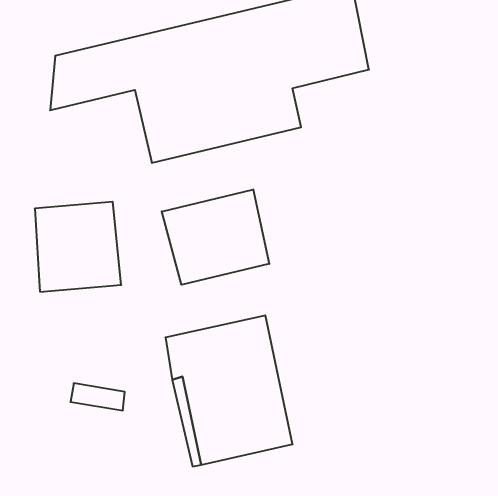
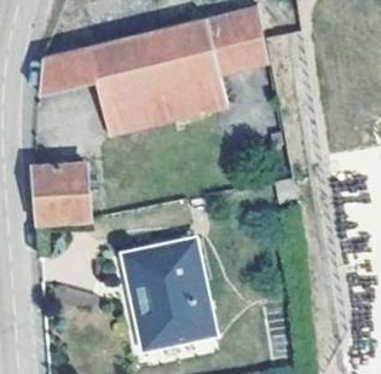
building: [162,189,269,285] -> none

